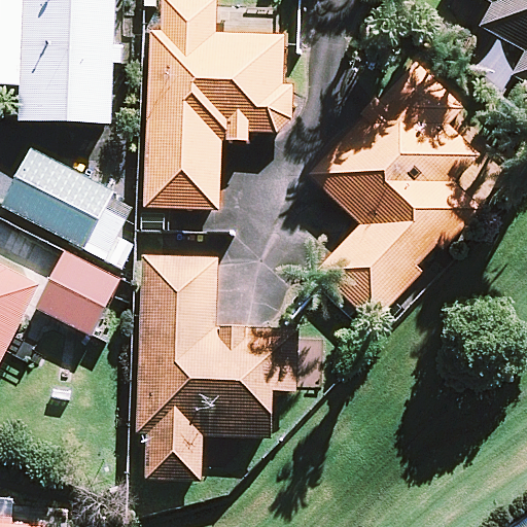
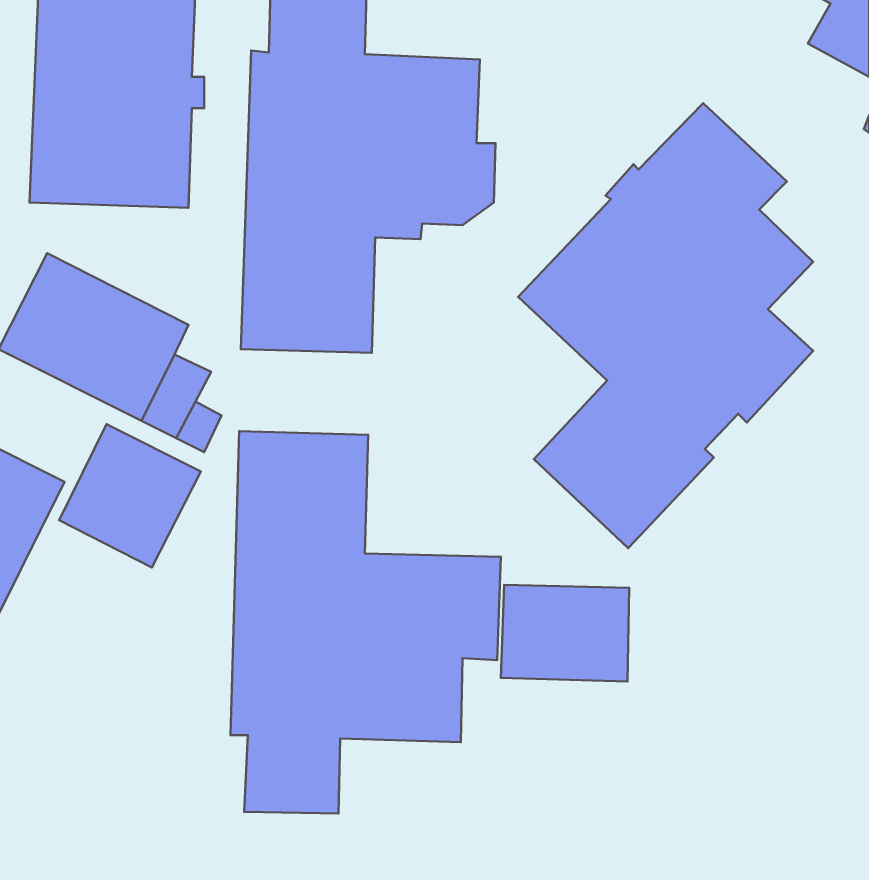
building: none -> [501,585,629,681]

